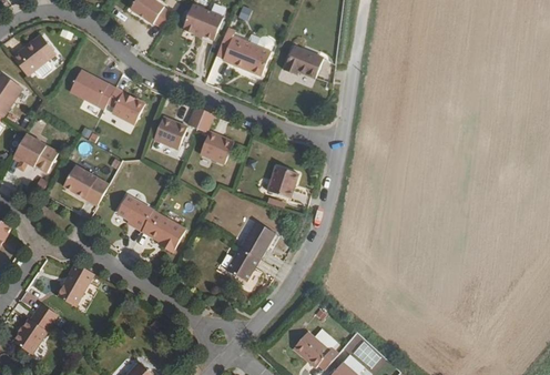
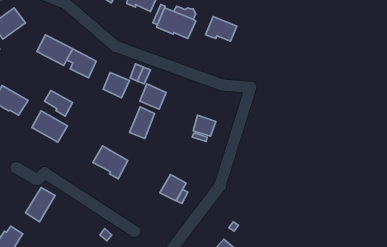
building: none -> [45,90,72,116]
building: none -> [130,107,155,138]
building: [115,196,152,232] -> none
building: [238,221,274,259] -> none

